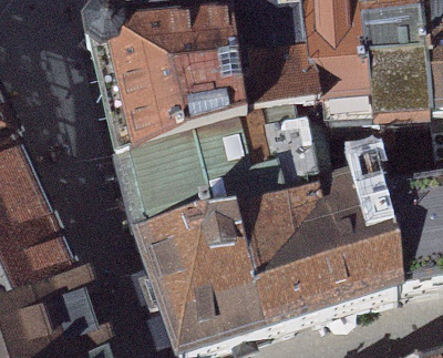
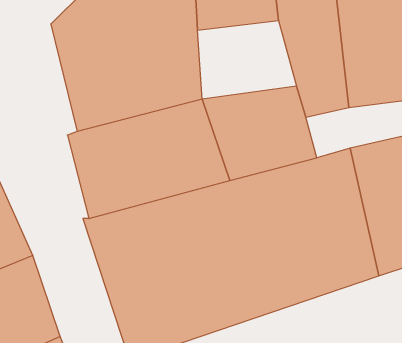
building: [225,54,317,127] -> none

